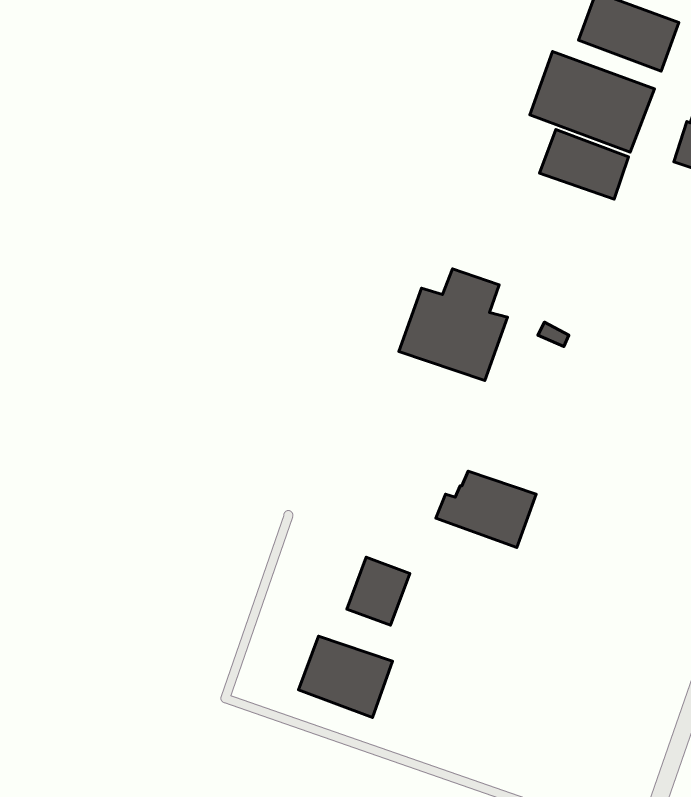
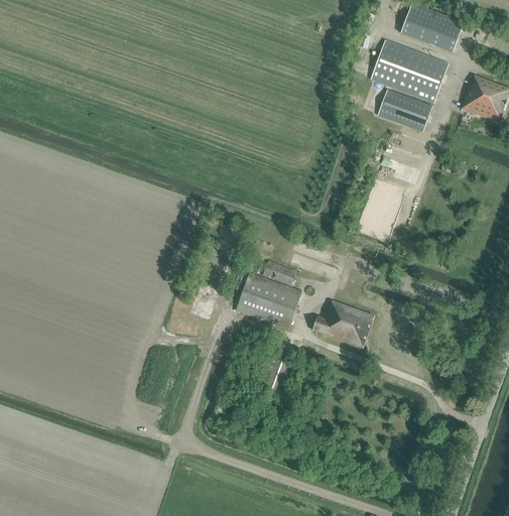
building: [399,269,507,381] -> [234,259,301,329]
building: [298,636,393,718] -> none

